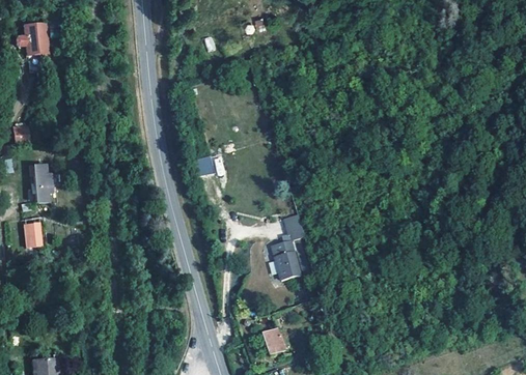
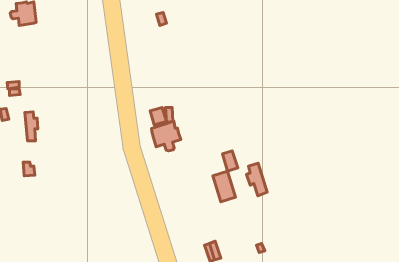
building: none -> [152,121,181,151]
building: none -> [247,163,267,196]

